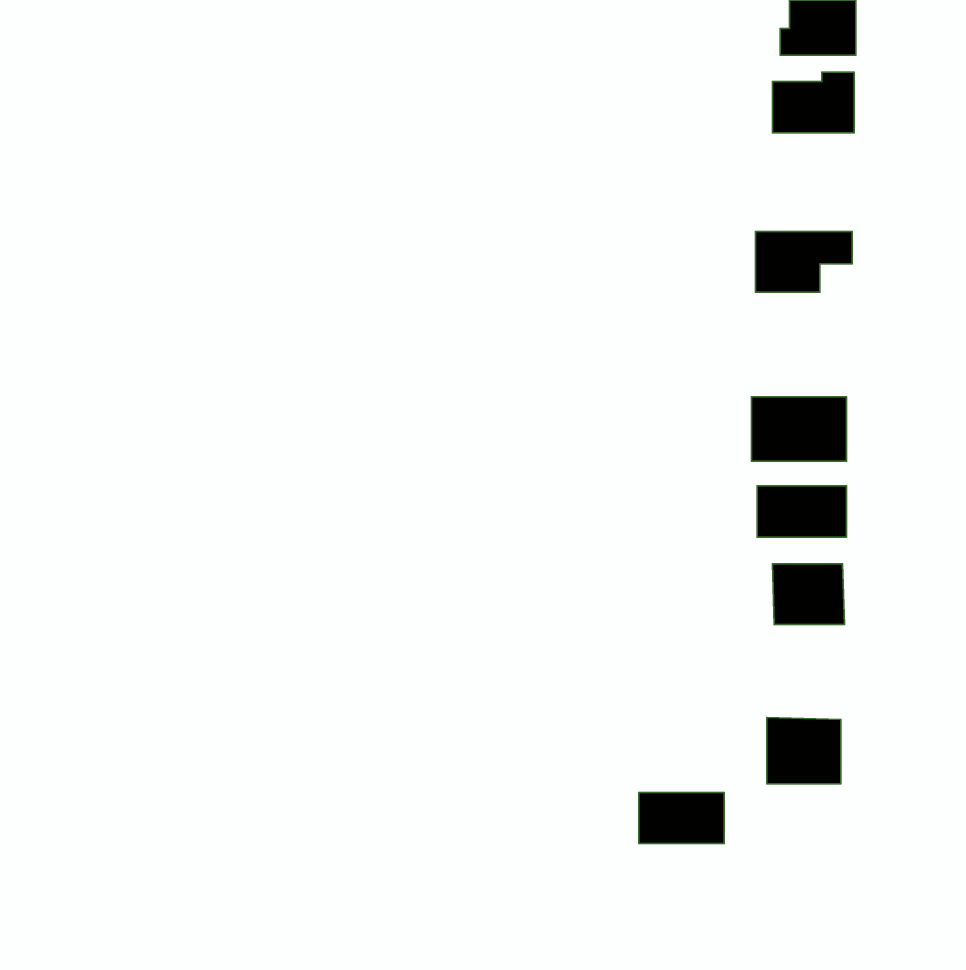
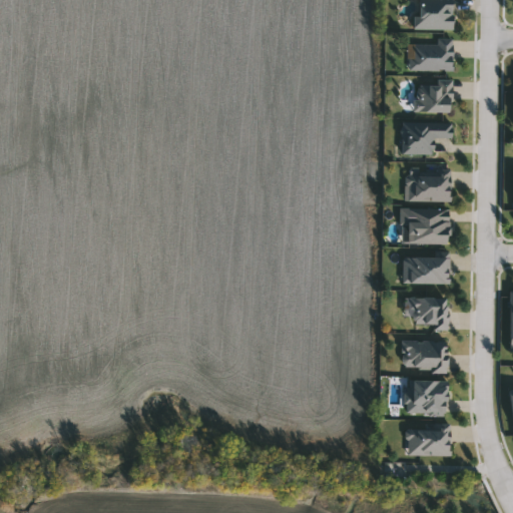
building: none -> [415,79,452,112]
building: none -> [406,168,450,201]
building: none -> [401,341,447,371]
building: [639,792,724,844] -> [405,428,450,455]

